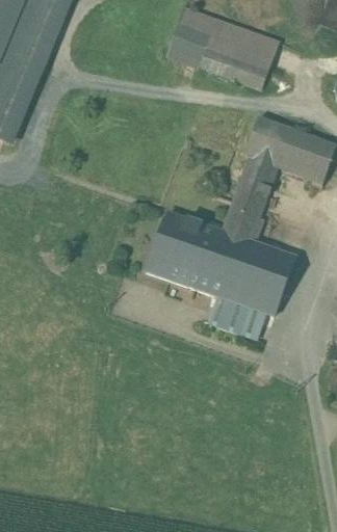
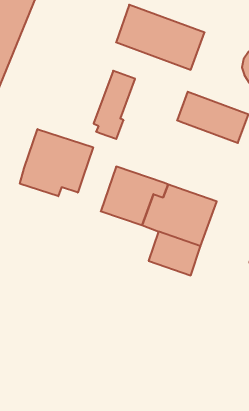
building: [225,156,278,243] -> [94,71,135,139]
building: none -> [20,129,93,196]

